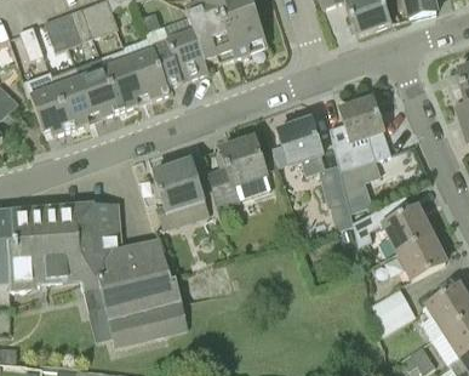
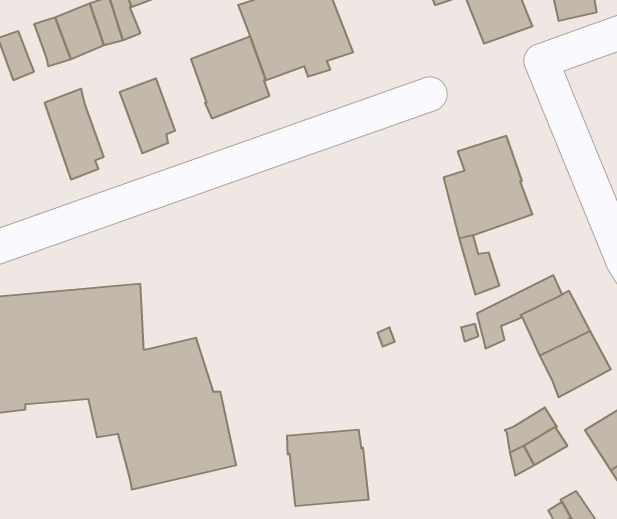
building: [128,49,168,98] -> none
building: [79,67,119,116] -> none
building: [25,72,69,135] -> none
building: [276,119,344,205] -> none
building: [200,138,270,205] -> none
building: [150,155,207,229] -> none
building: none -> [287,430,369,506]

